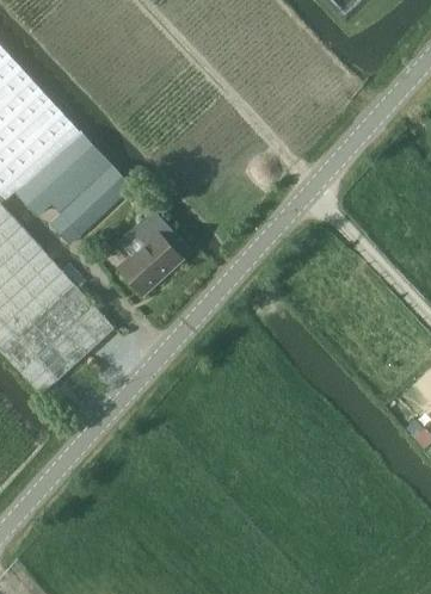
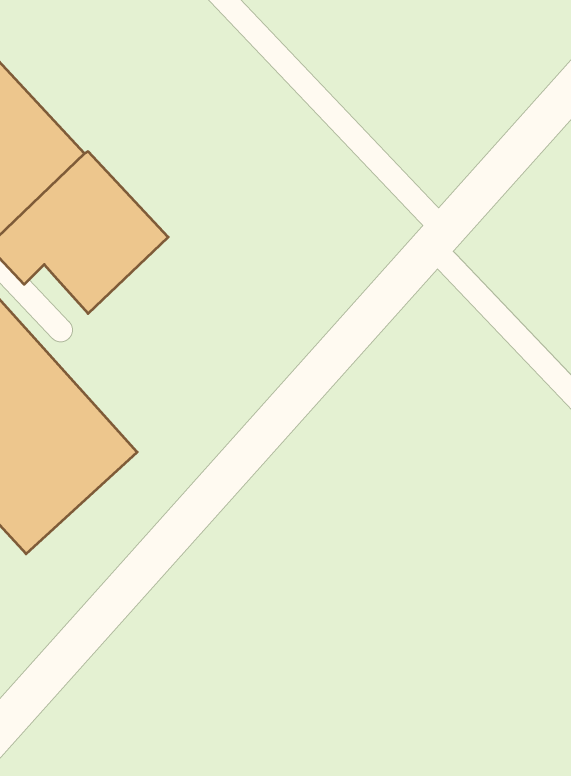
building: [118,209,187,296] -> none

